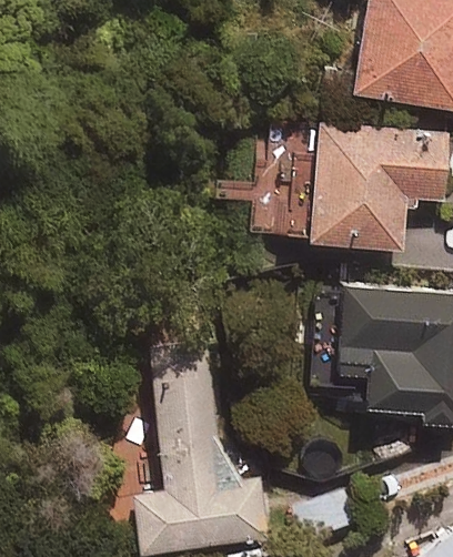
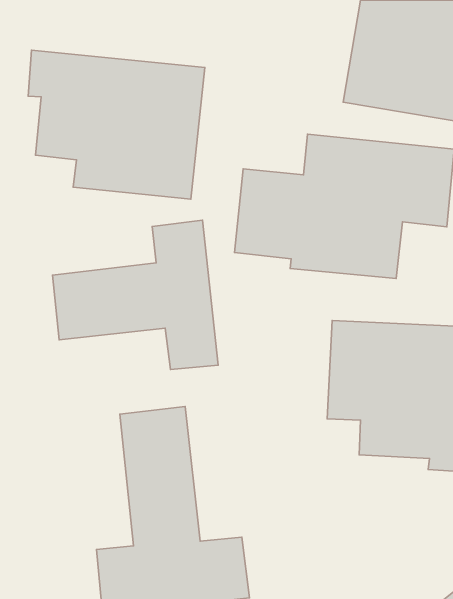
building: none -> [28,50,205,199]
building: none -> [52,220,218,370]

